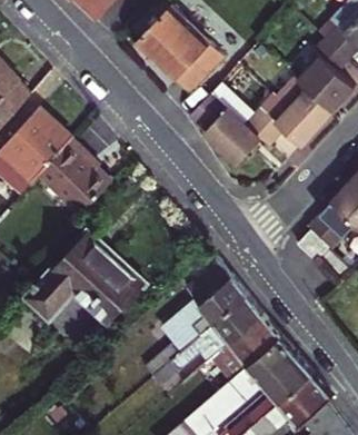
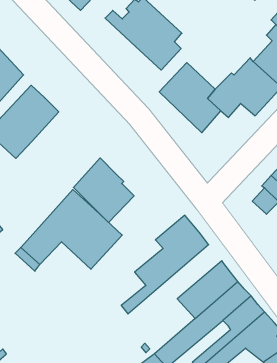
building: [40,139,111,215] -> [73,158,134,222]
building: [151,295,262,386] -> none

